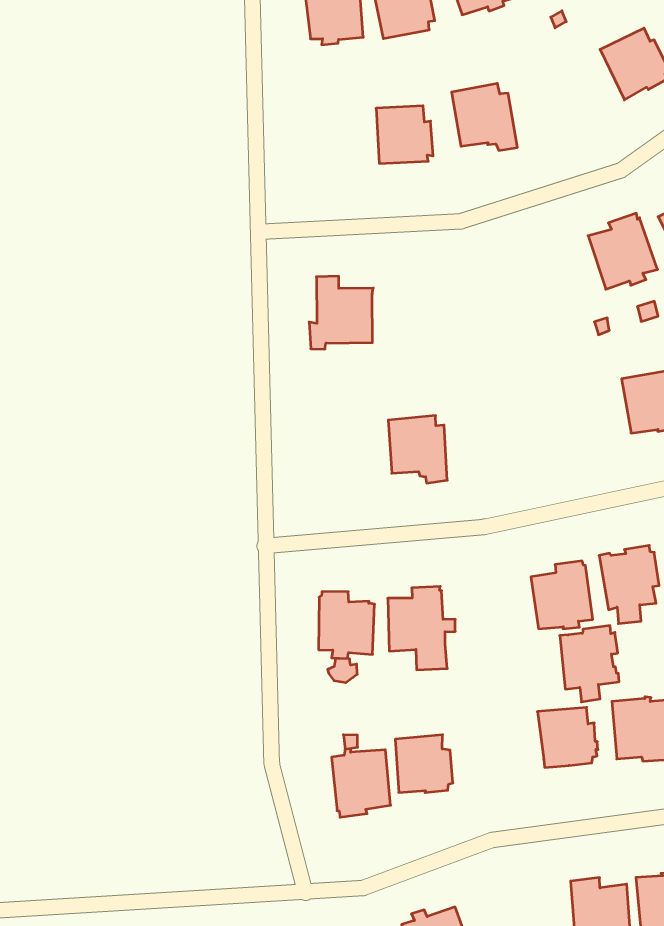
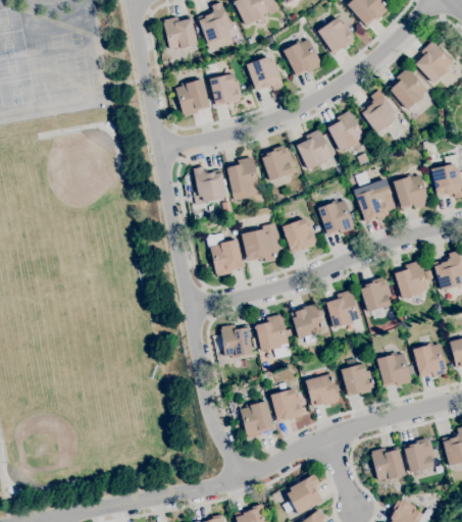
building: none -> [284,38,322,75]
building: none -> [176,79,211,116]
building: none -> [297,129,333,169]
building: none -> [261,145,297,180]
building: none -> [226,157,260,193]
building: none -> [318,200,354,236]
building: none -> [283,218,317,253]
building: none -> [206,232,244,276]
building: [560,626,619,702] -> [292,303,325,344]
building: none -> [306,373,340,407]

